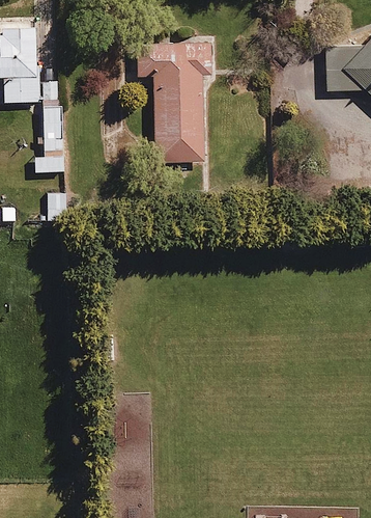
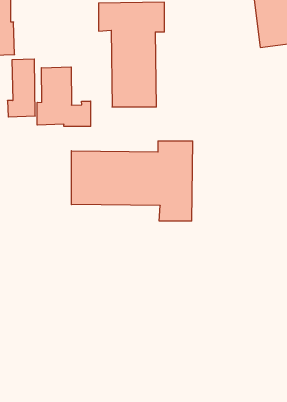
building: none -> [37,67,91,126]
building: none -> [71,141,193,221]

